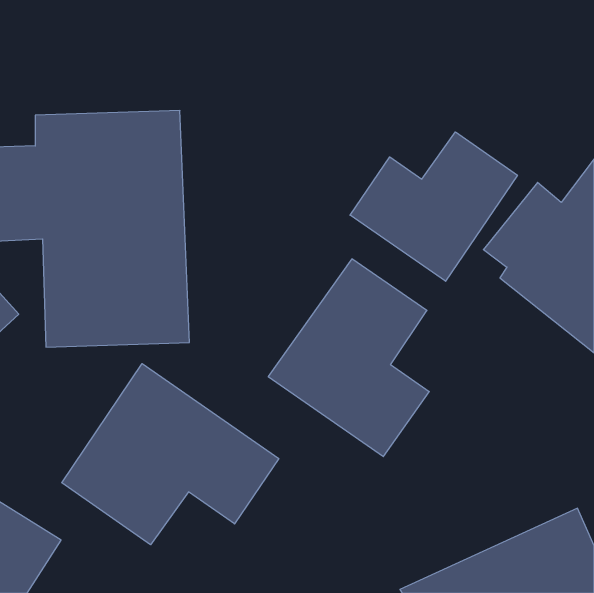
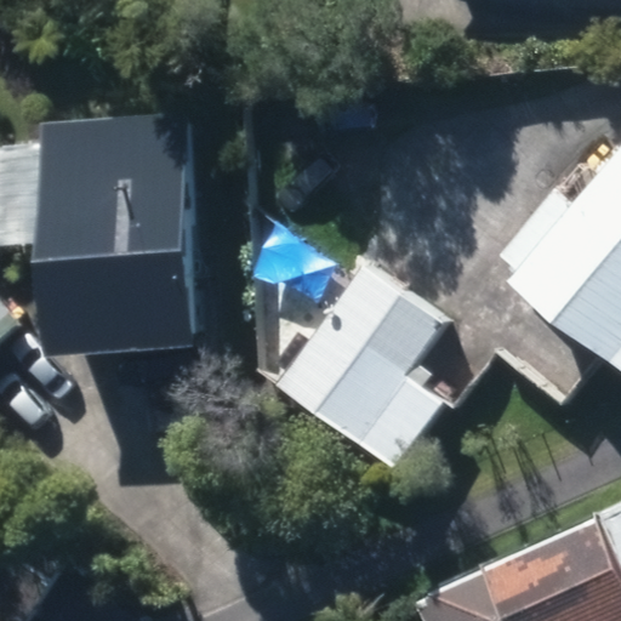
building: [350,132,517,281] -> none
building: [62,364,279,545] -> none

